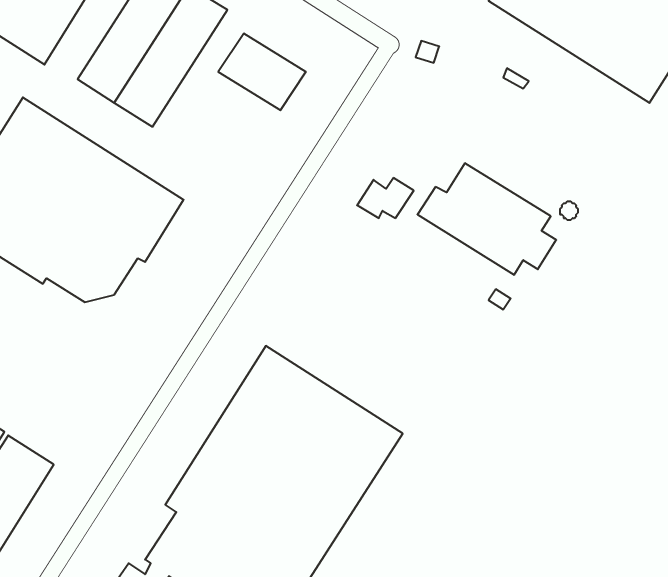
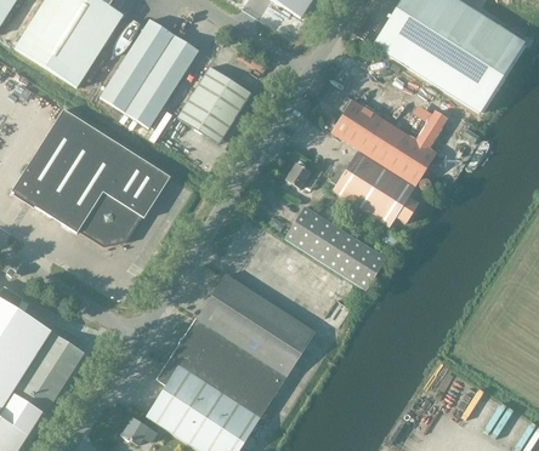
building: none -> [176,92,233,144]
building: none -> [330,99,447,185]
building: none -> [284,205,386,290]

